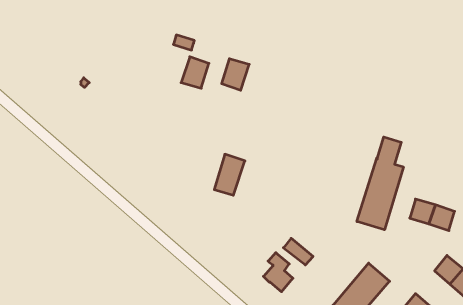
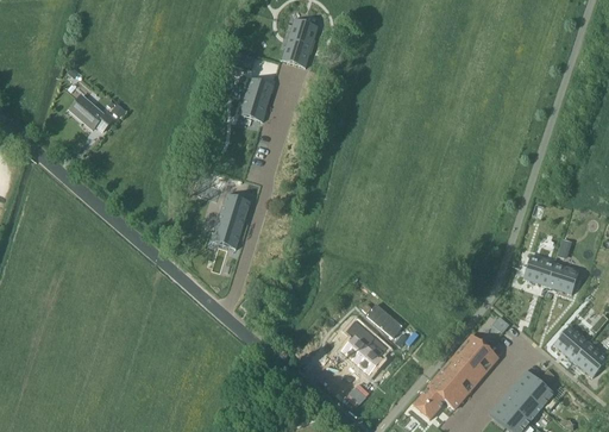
building: [222,59,249,90] -> [283,20,318,60]
building: none -> [69,96,113,132]
building: [357,137,403,230] -> none
building: [214,154,245,195] -> [212,195,250,246]

